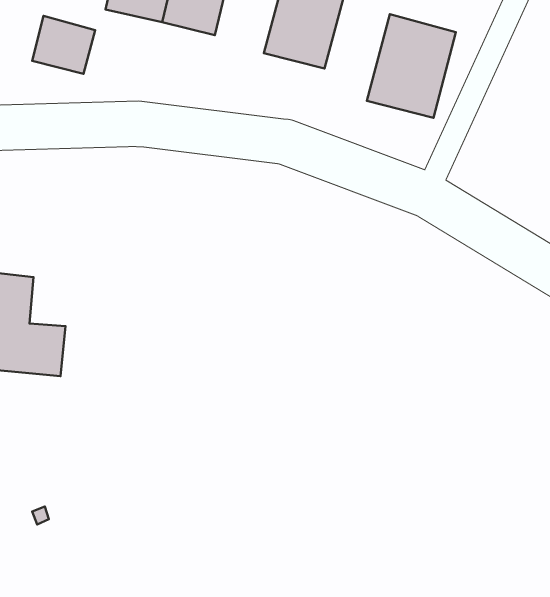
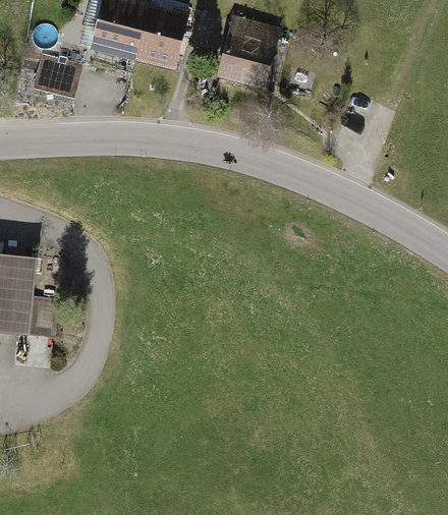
building: [367,14,456,118] -> none

